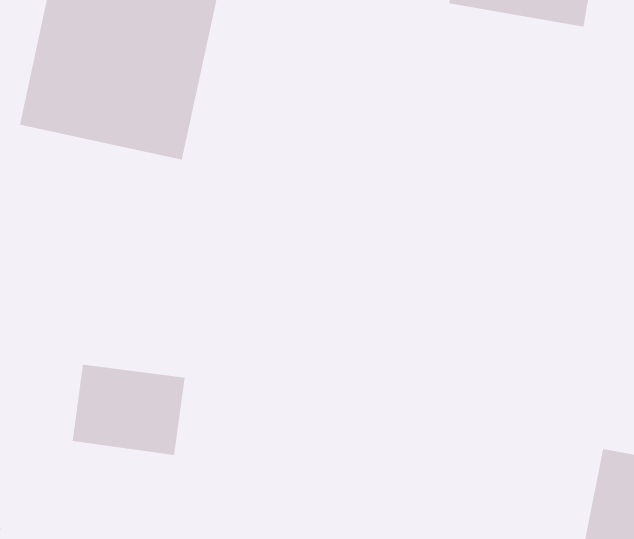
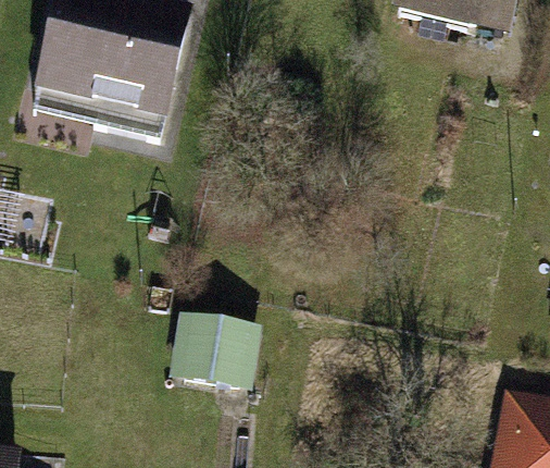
building: [72,364,185,456] -> [165,311,260,387]

